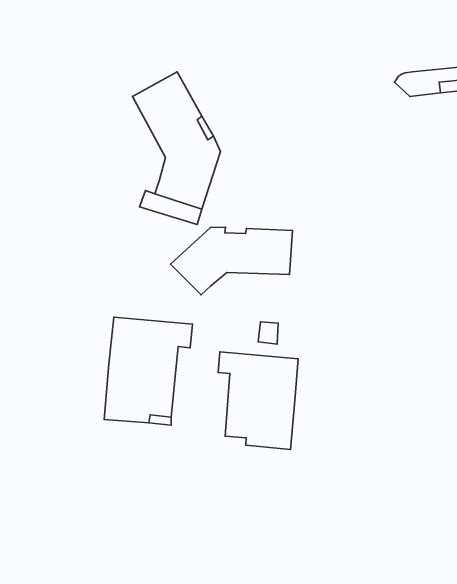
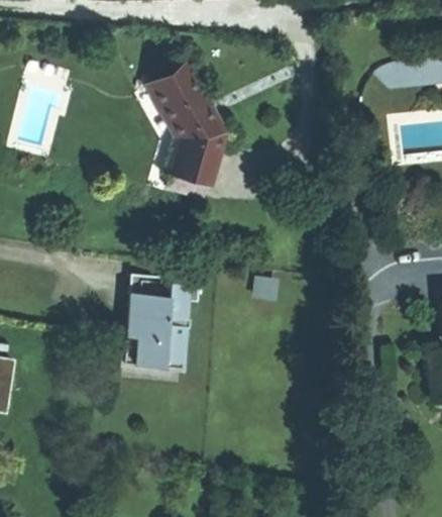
building: [170,227,293,295] -> none
building: [218,352,298,449] -> none

